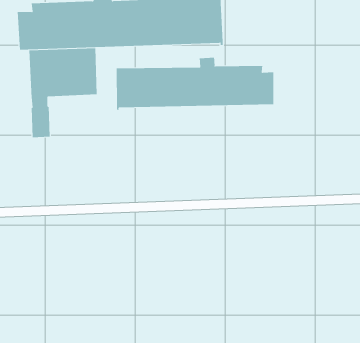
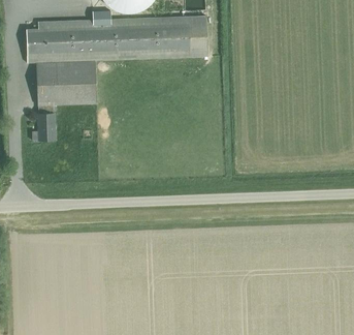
building: [116,57,274,110] -> none

